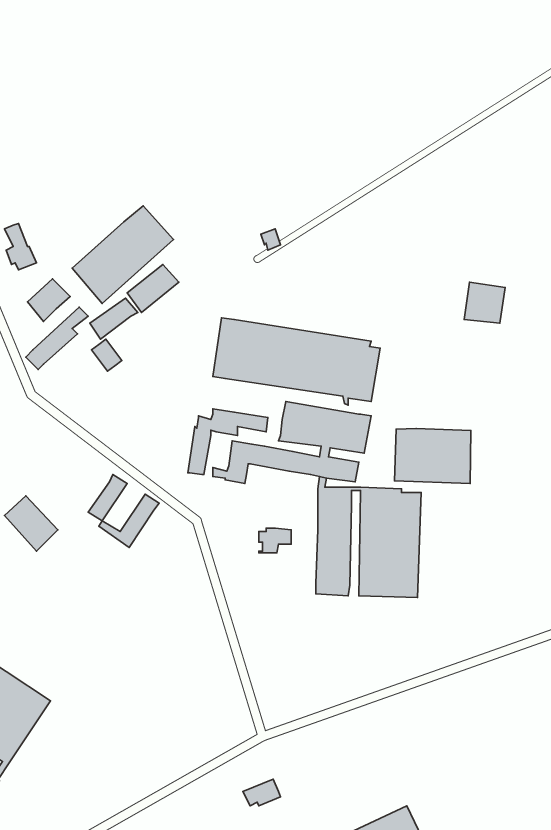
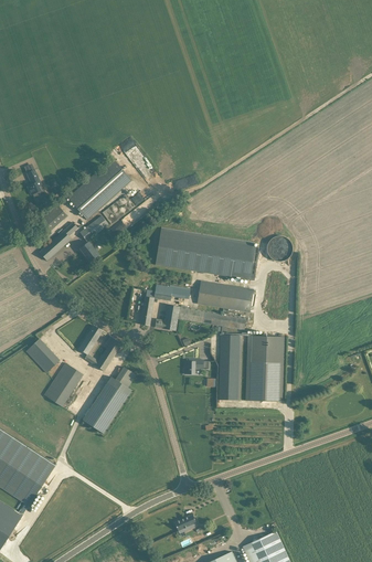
building: [464,282,505,323] -> [266,235,291,261]
building: [395,429,471,484] -> none
building: none -> [43,363,83,407]
building: none -> [82,367,136,434]

